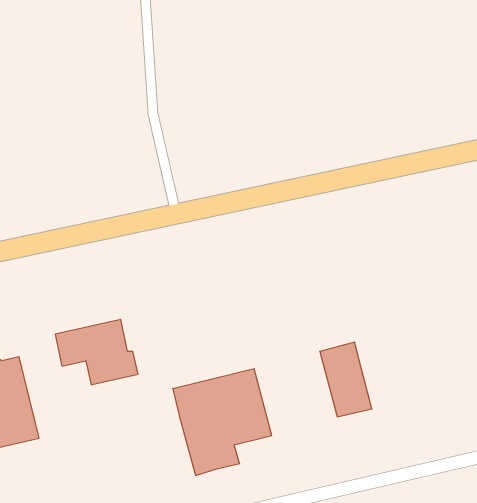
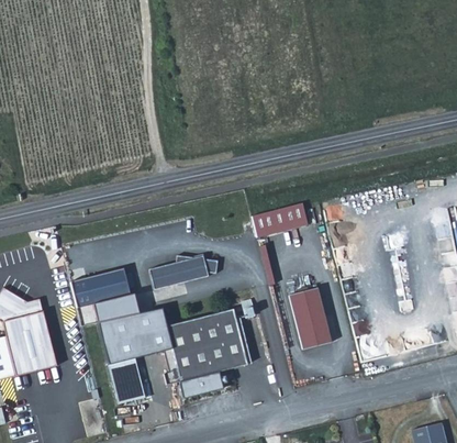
building: none -> [253,202,311,236]
building: none -> [149,255,219,290]
building: none -> [100,309,172,403]

